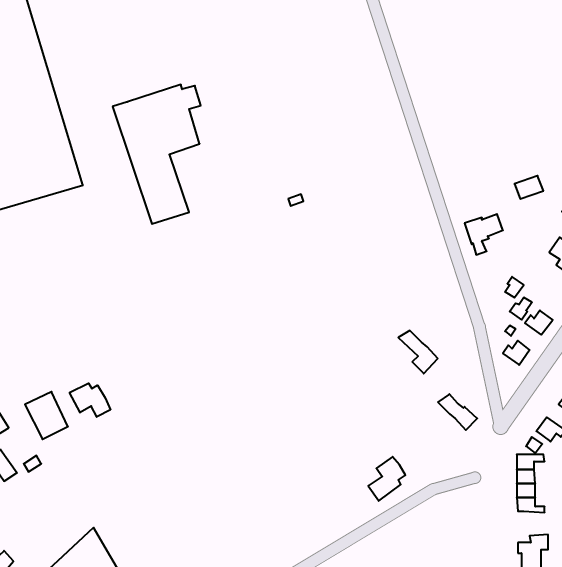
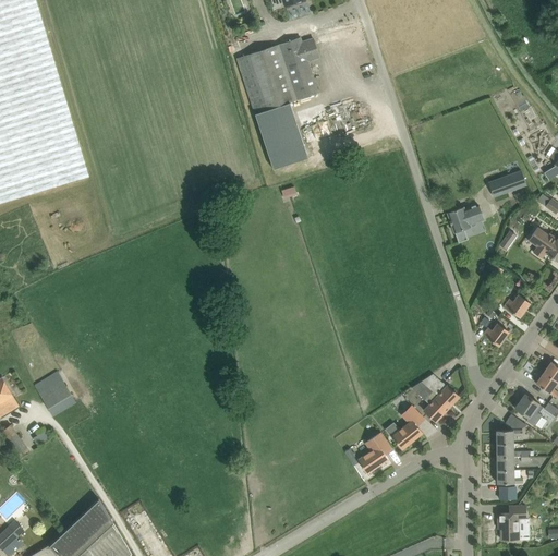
building: [113,85,201,224] -> [236,38,319,169]
building: [398,331,438,374] -> [412,382,449,422]
building: [70,383,110,417] -> none
building: none -> [392,421,423,450]

